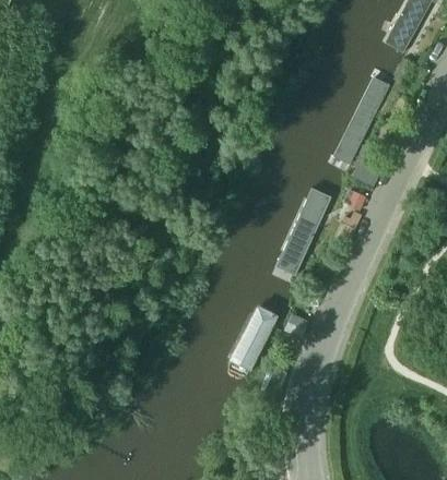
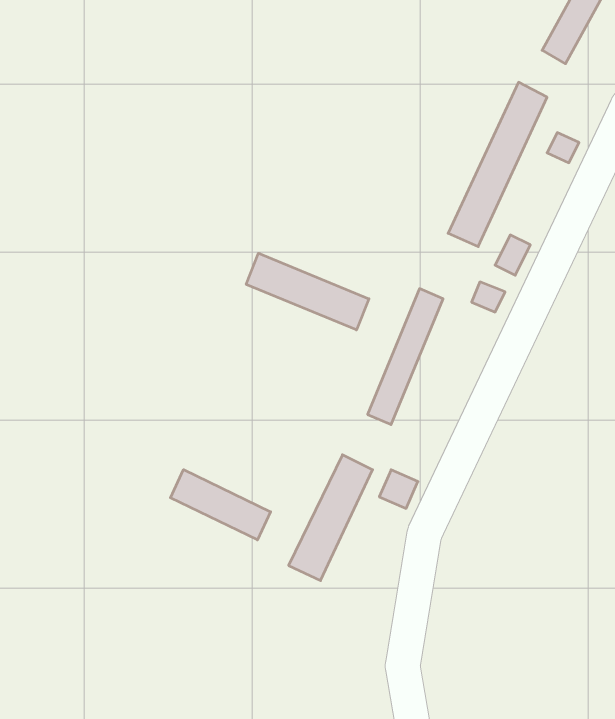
building: none -> [246,253,369,330]
building: none -> [170,470,271,540]

